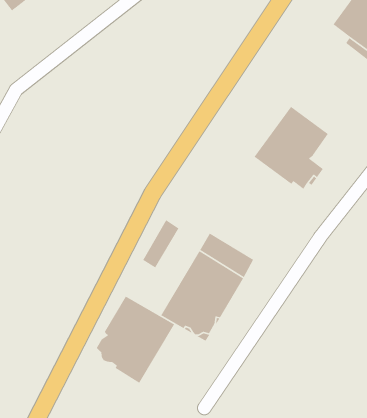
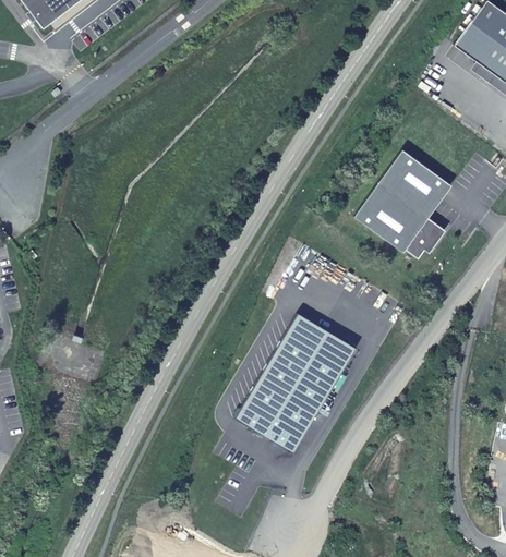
building: [142,219,180,269] -> none
building: [96,296,175,384] -> none

